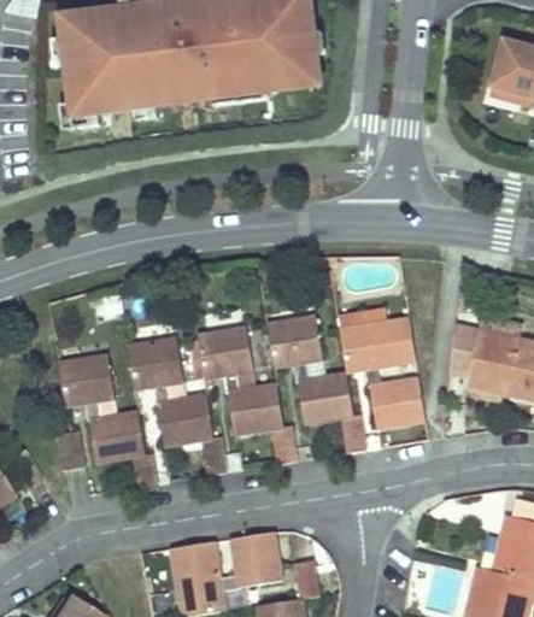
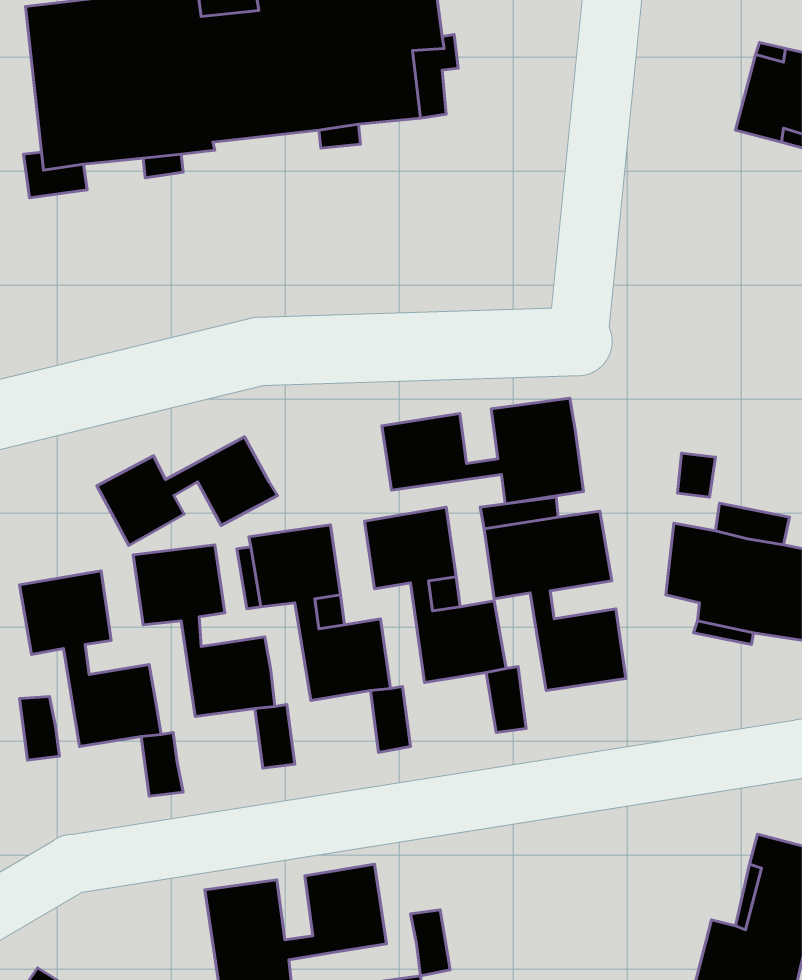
building: none -> [382,398,583,504]
building: none -> [97,437,278,546]

